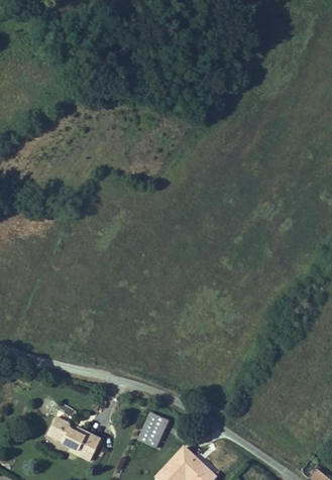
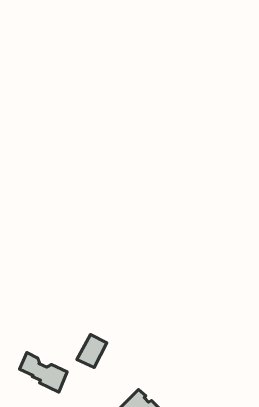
building: [134,414,168,451] -> [77,335,107,368]

